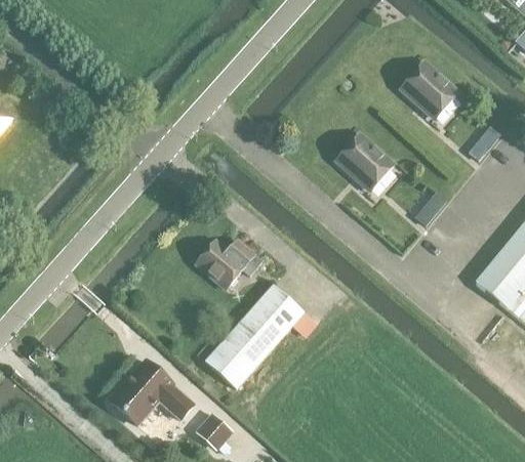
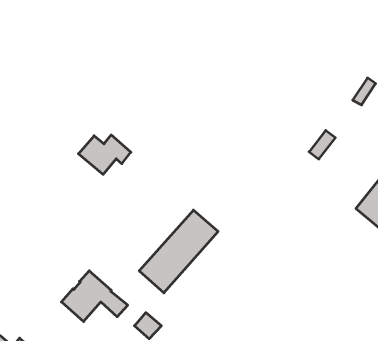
building: [402,62,458,118] -> none
building: [337,134,393,190] -> none
building: [198,238,264,287] -> [78,135,131,174]

